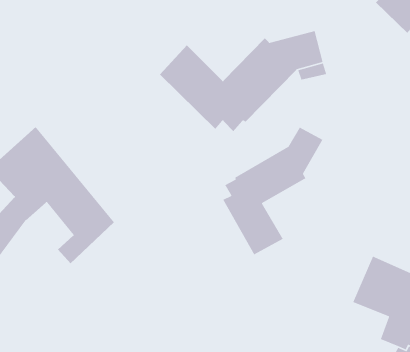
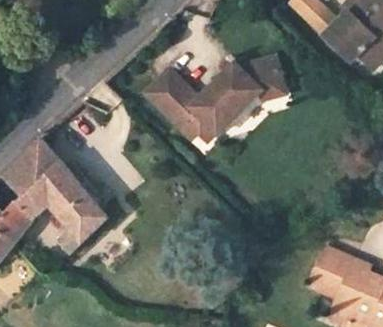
building: [222,127,323,255] -> none

